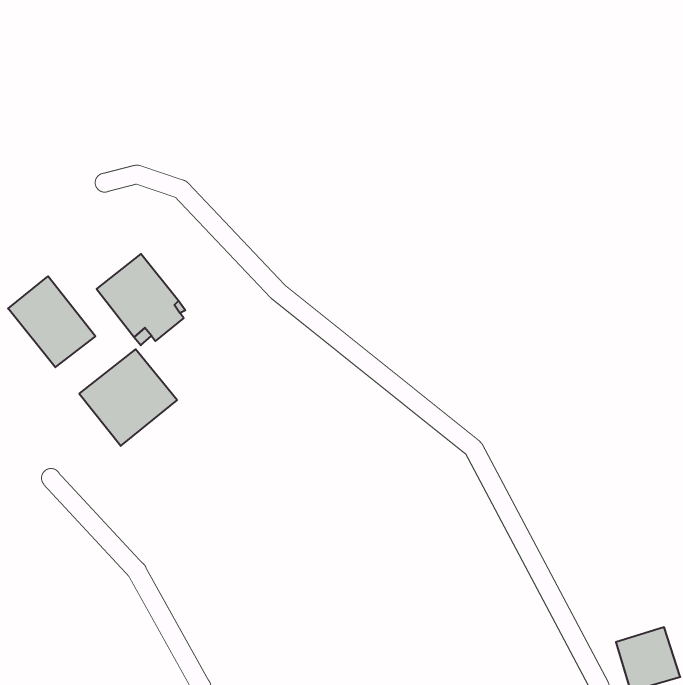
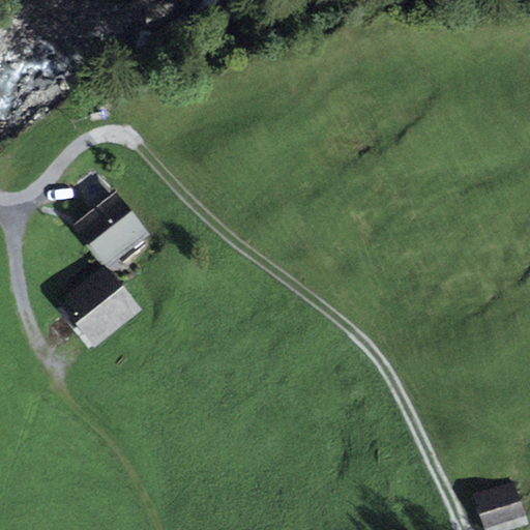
building: [8,276,95,367] -> none

